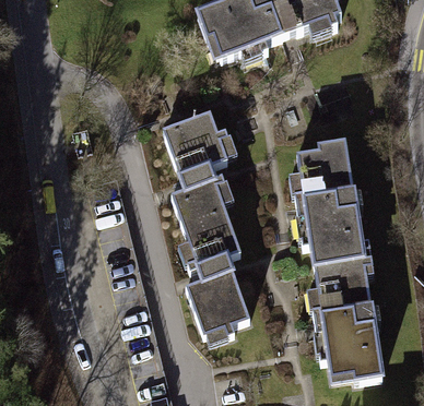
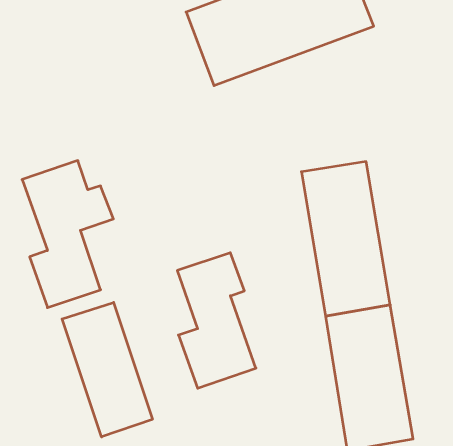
building: [162,108,240,235] -> [22,161,113,308]
building: none -> [62,302,152,437]

